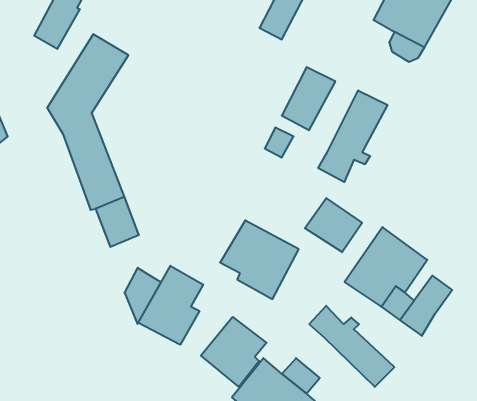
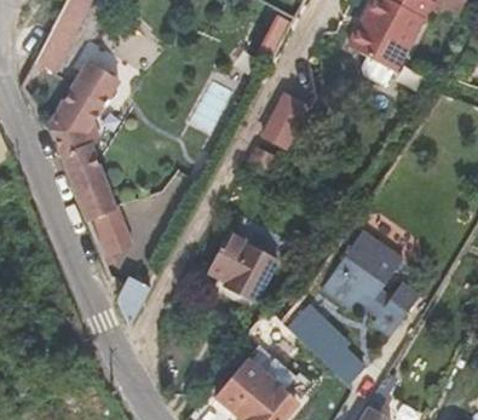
building: [318,90,387,182] -> none
building: [305,198,362,252] -> none
building: [138,266,203,345] -> none
building: [201,317,267,387] -> none

